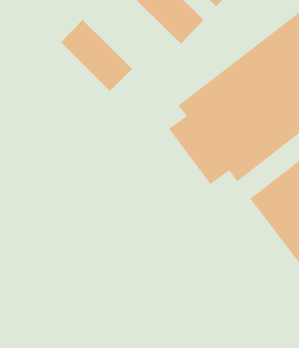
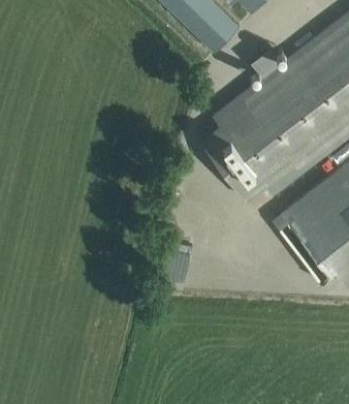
building: [60,19,133,92] -> none

